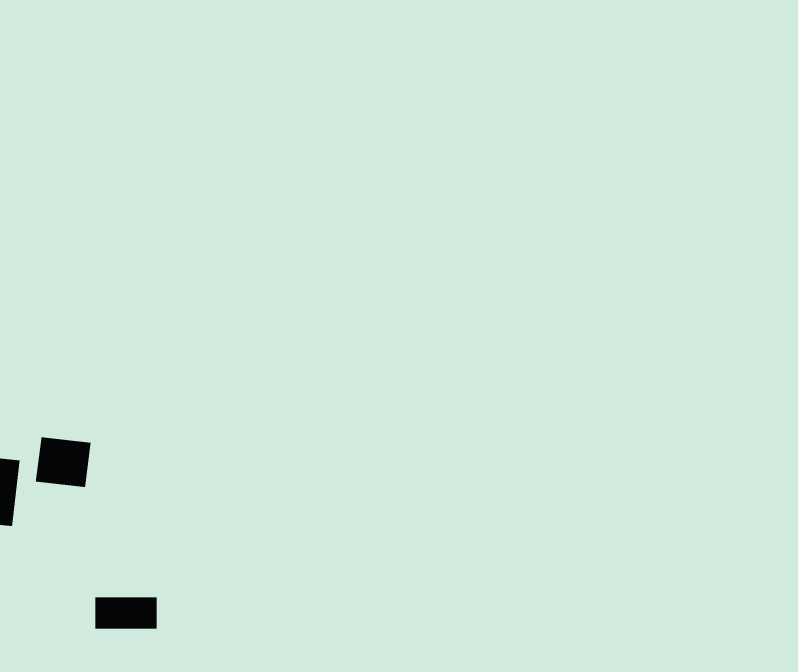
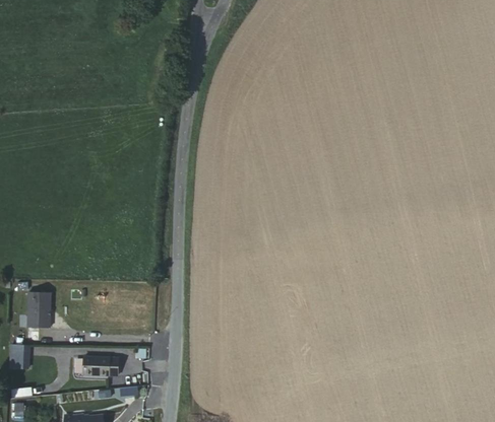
building: [35,437,91,488] -> none

